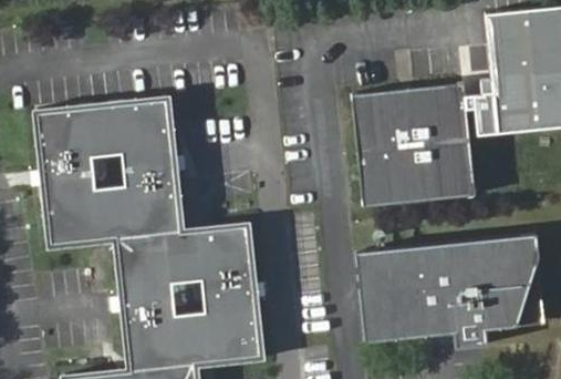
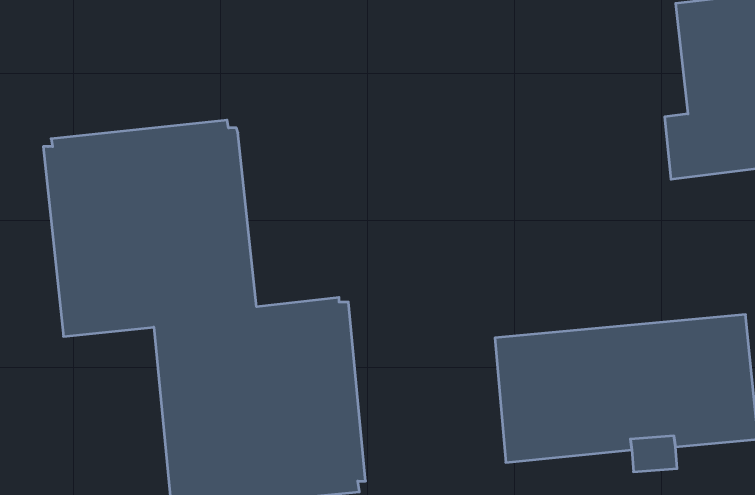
building: [352,86,474,204] -> none

